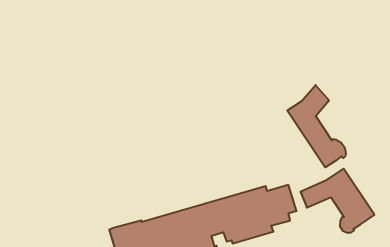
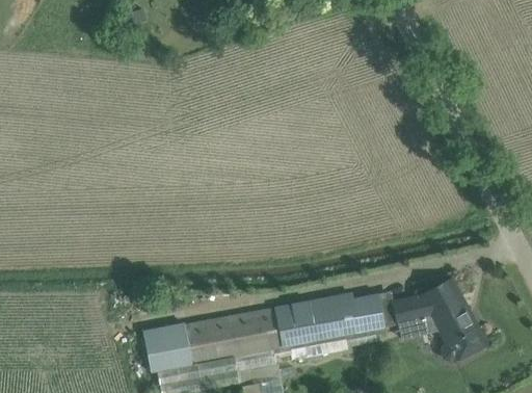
building: [287,85,346,167] -> none

